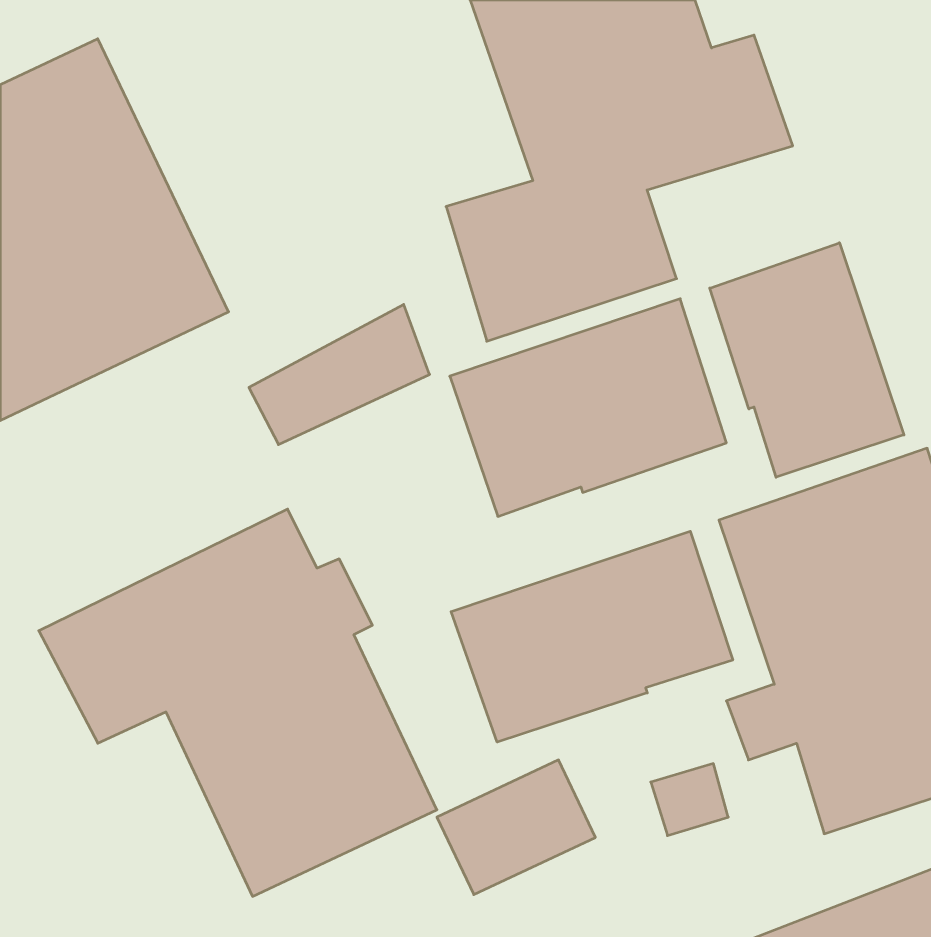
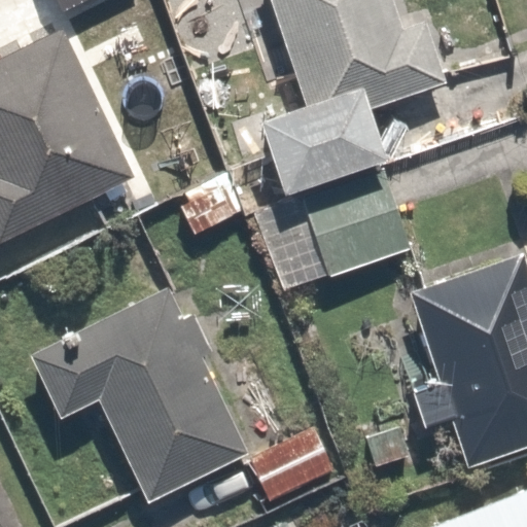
building: [710,243,904,477] -> none
building: [451,531,733,742] -> none

